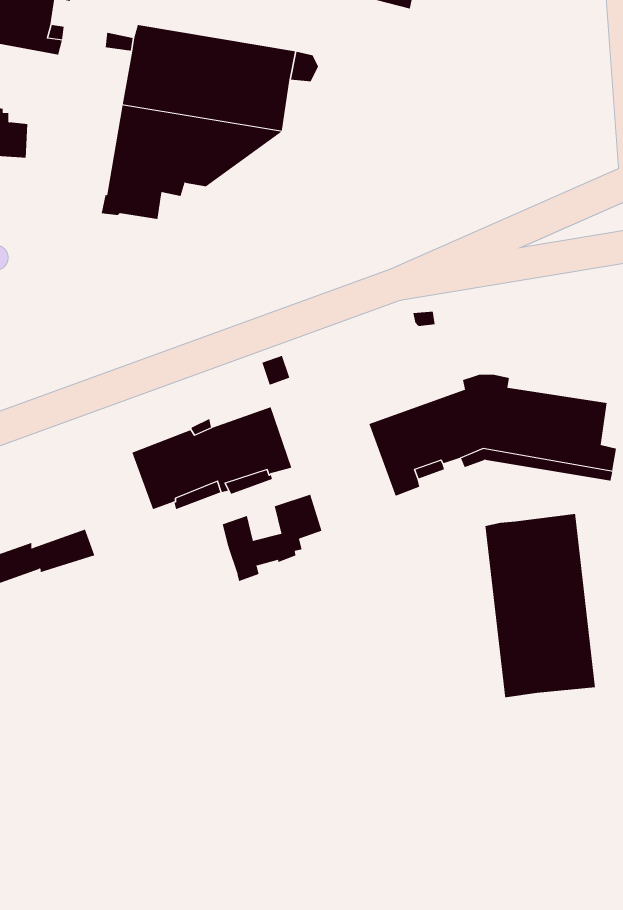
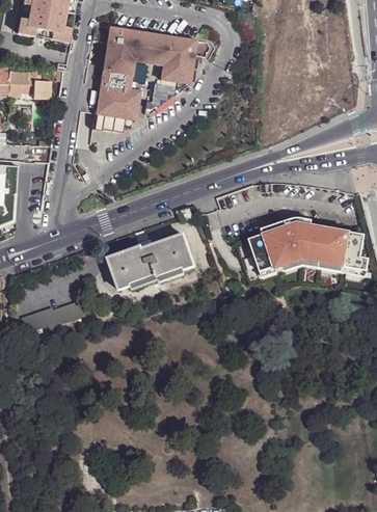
building: [222,494,322,582] -> none
building: [485,513,595,698] -> none

